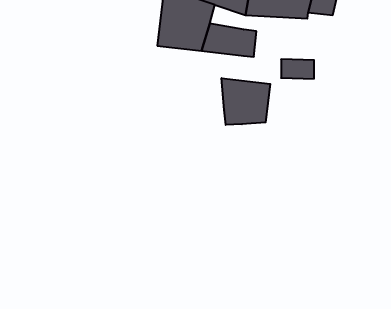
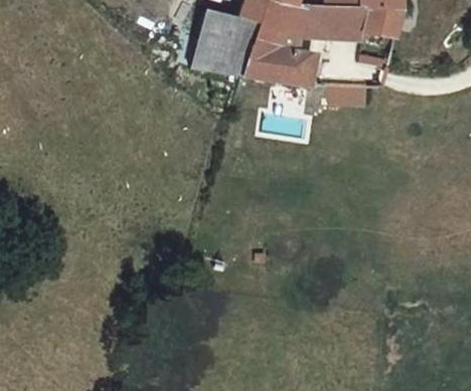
building: none -> [255,22,297,51]
building: [222,78,270,125] -> none

